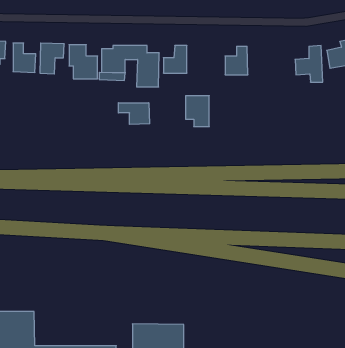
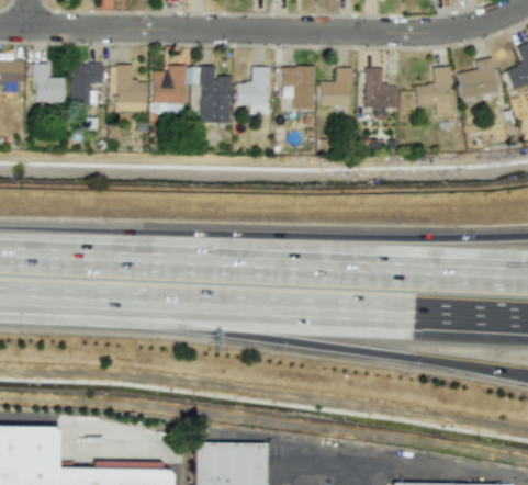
building: none -> [366,67,397,106]
building: [186,96,209,127] -> [282,66,314,108]
building: [118,103,150,124] -> none

